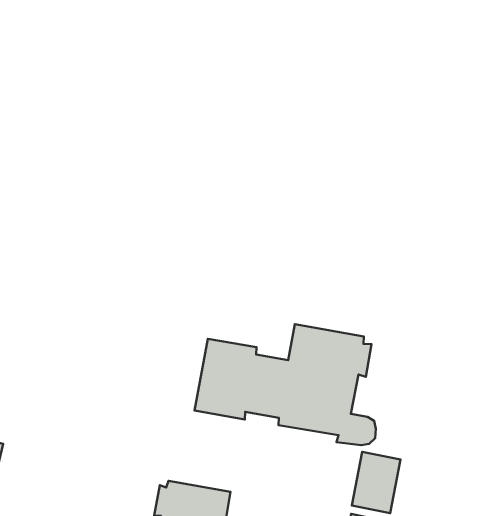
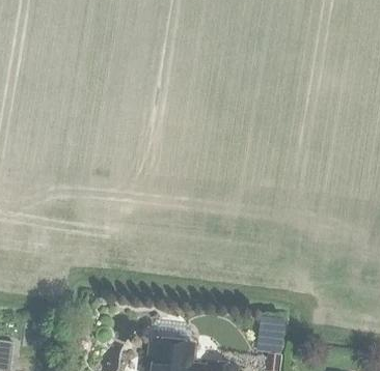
building: [194,324,376,445] -> none

